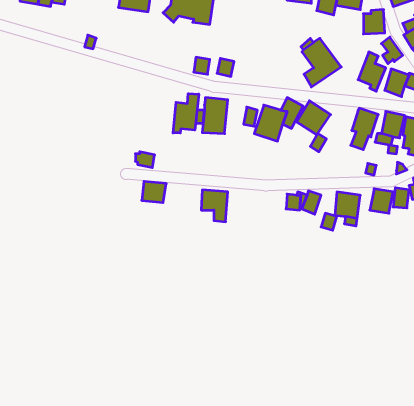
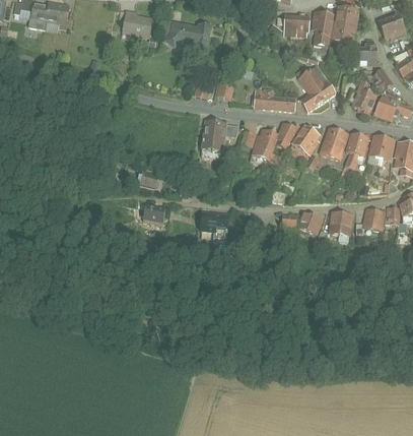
building: none -> [251,88,295,112]
building: [173,94,199,133] -> none
building: none -> [319,127,351,164]

